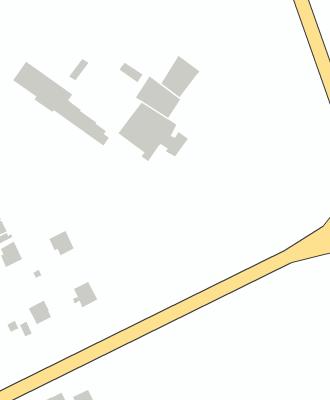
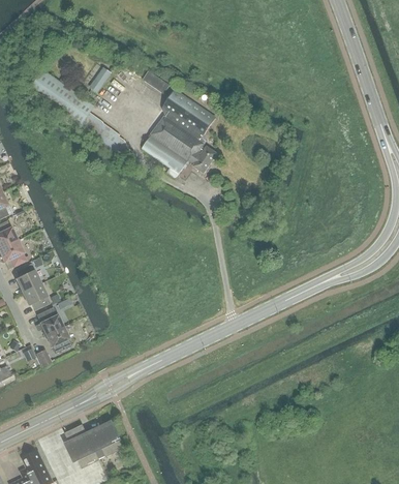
building: [160,55,201,98] -> none
building: [49,230,75,256] -> [21,282,49,310]
building: [72,281,98,308] -> [34,306,62,335]

